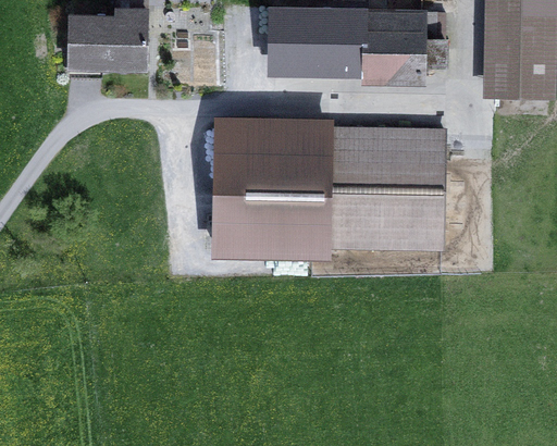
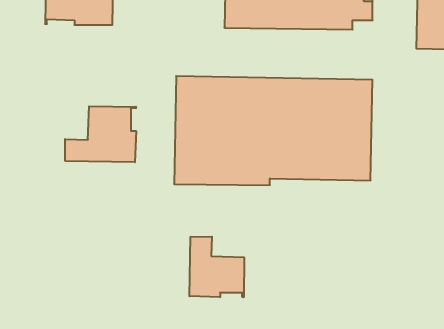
building: none -> [65,106,136,162]
building: none -> [189,237,244,297]

